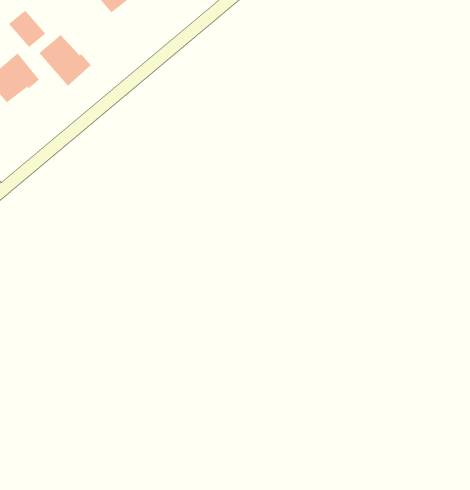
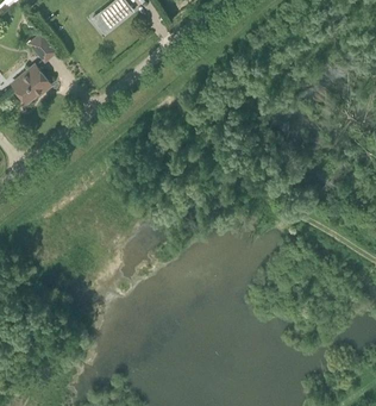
building: [39,34,92,87] -> none

